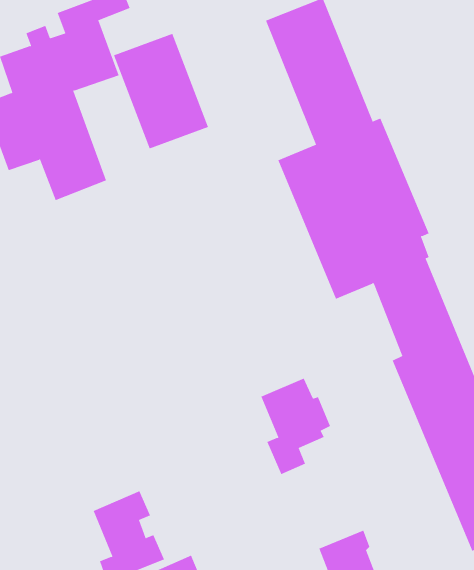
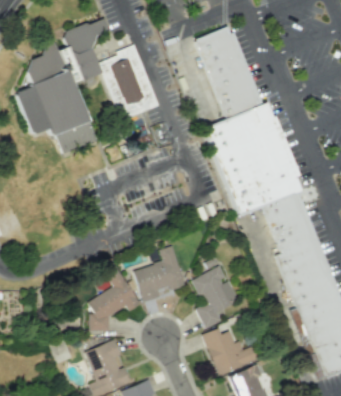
building: none -> [134,246,185,302]
building: none -> [89,260,139,332]
building: none -> [201,328,257,376]

